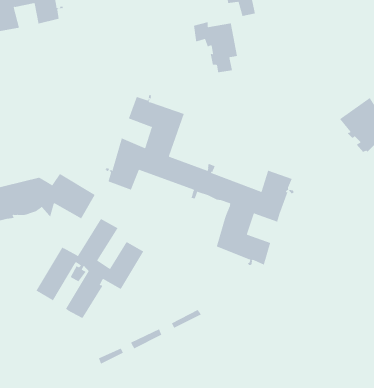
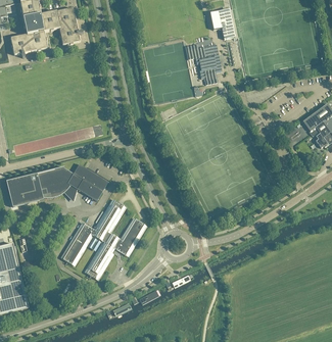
building: [105,94,294,266] -> none

